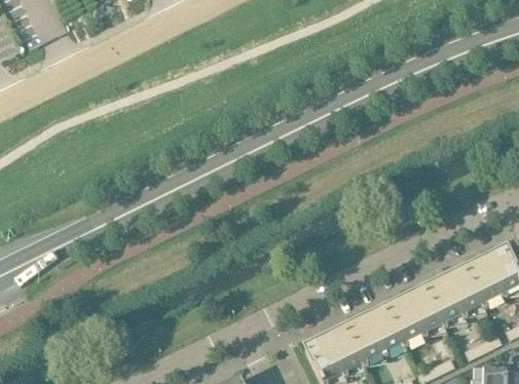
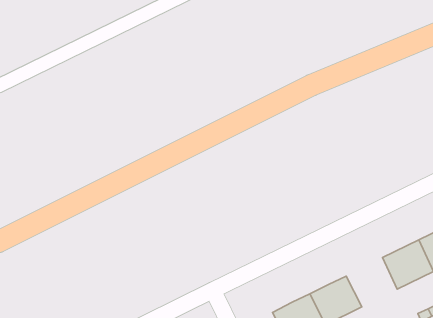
building: [385,286,442,341] -> none

